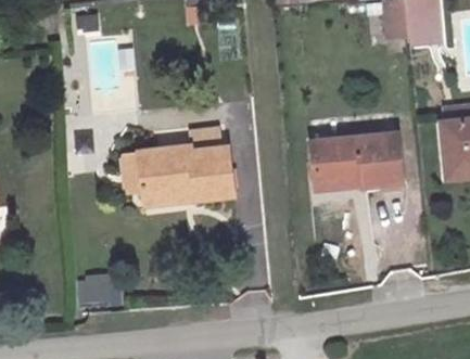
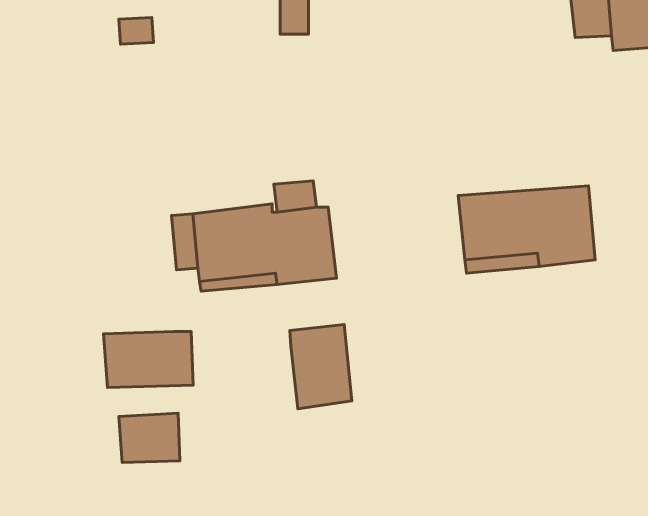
building: none -> [290,324,352,409]
building: none -> [104,331,193,387]

